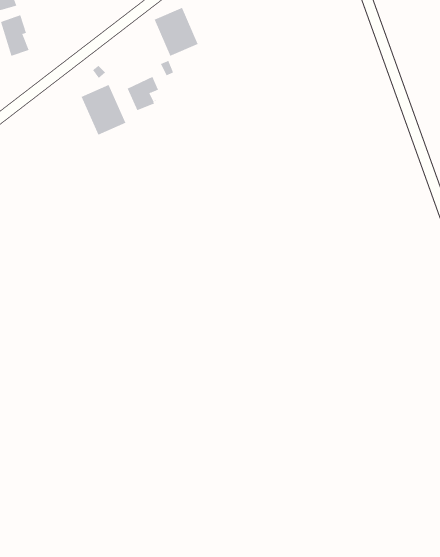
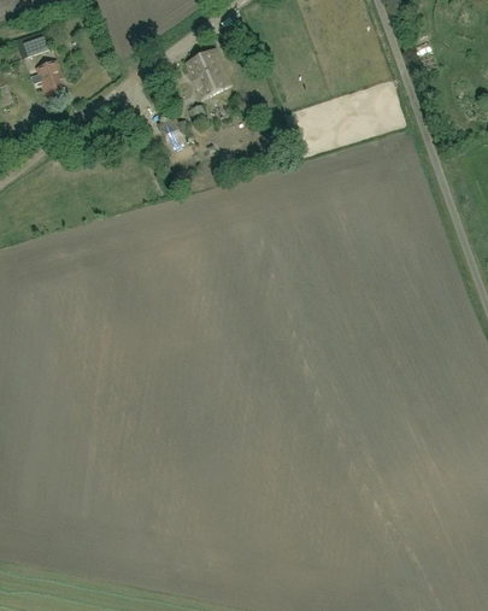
building: [81,84,126,136] -> none

